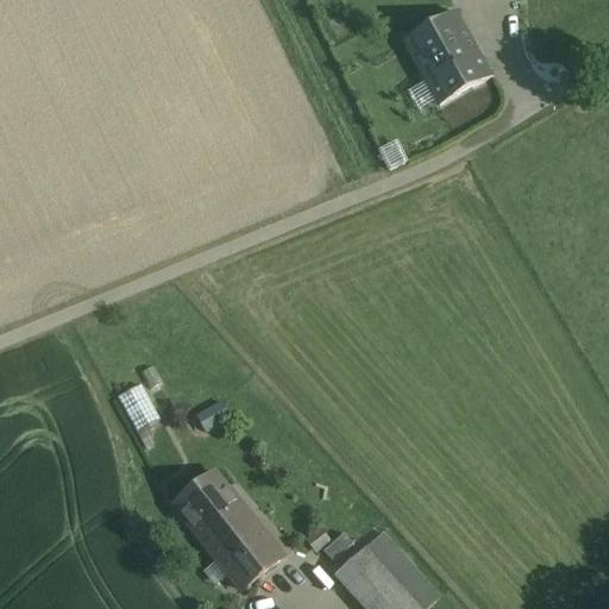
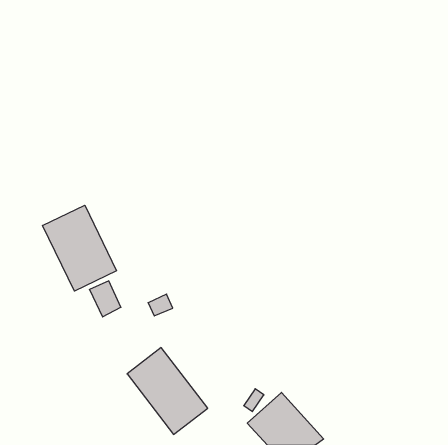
building: [406,13,489,100] -> none
building: none -> [43,205,116,291]

